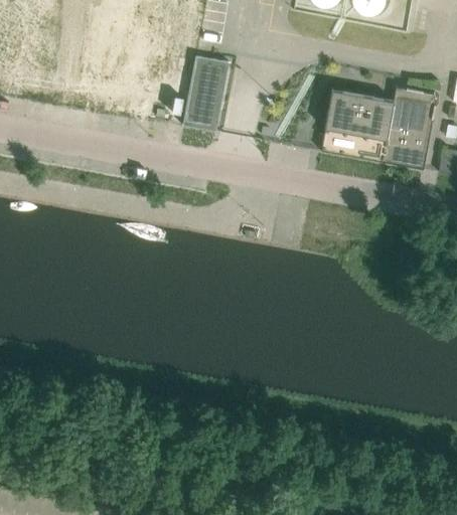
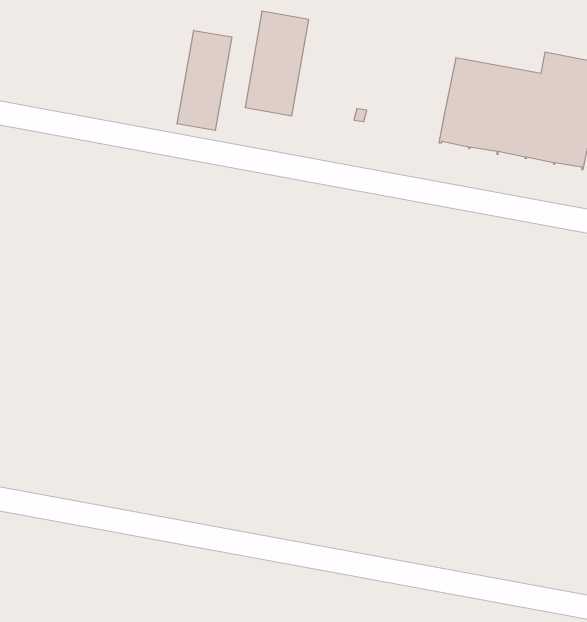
building: none -> [177,30,232,130]

